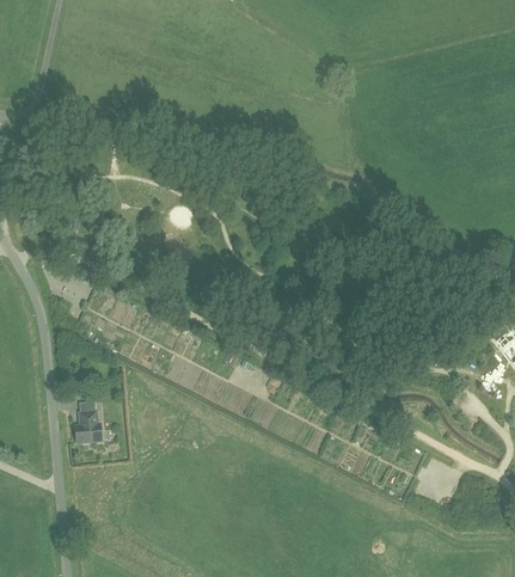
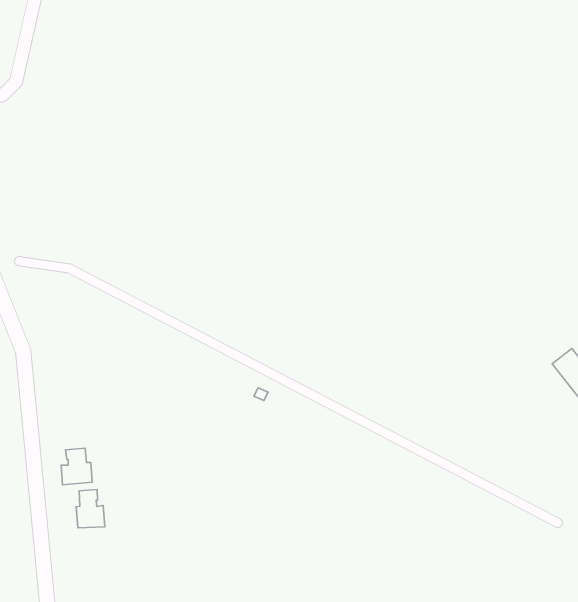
building: none -> [76,490,105,528]

